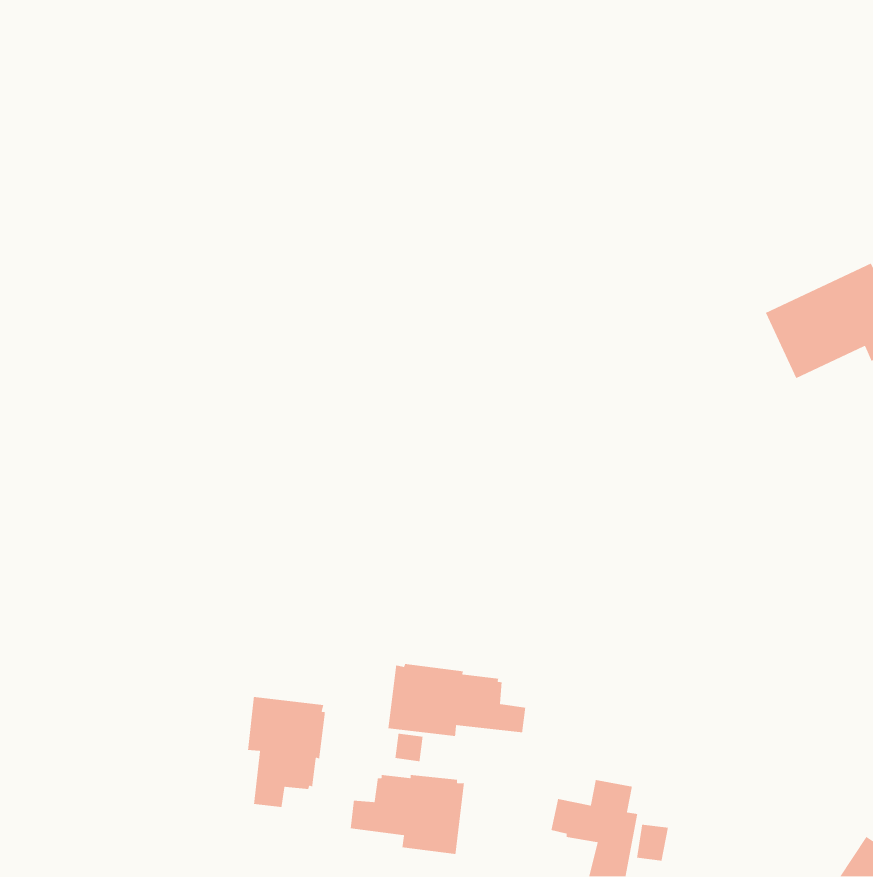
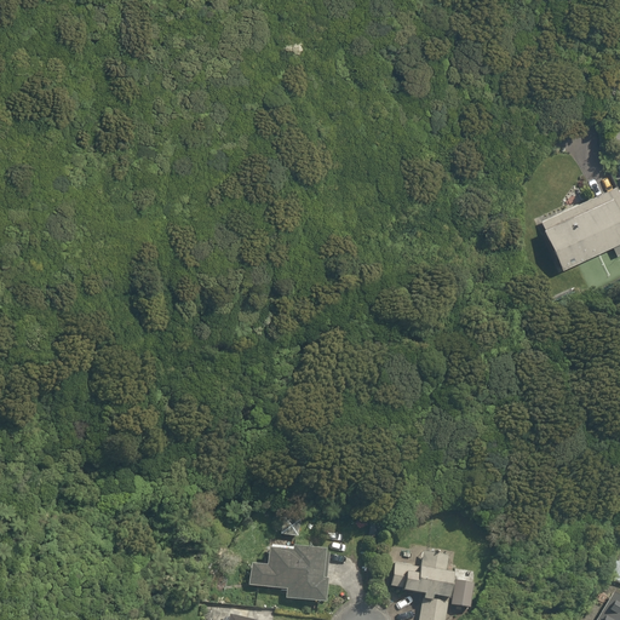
building: [388,663,526,737] -> none
building: [247,696,326,808] -> none

